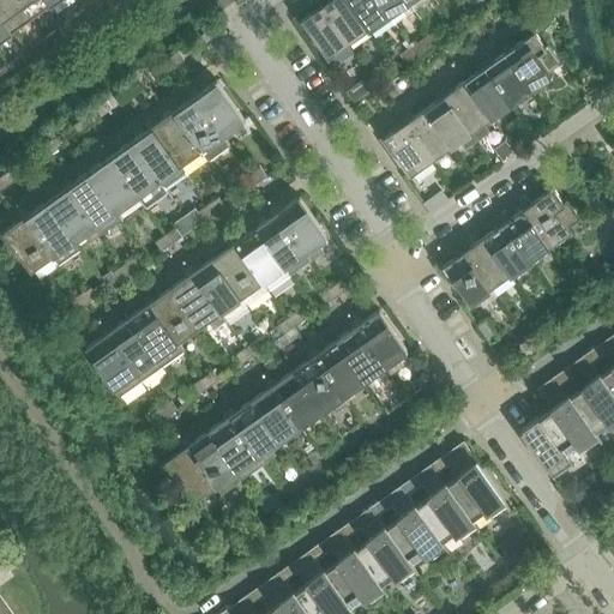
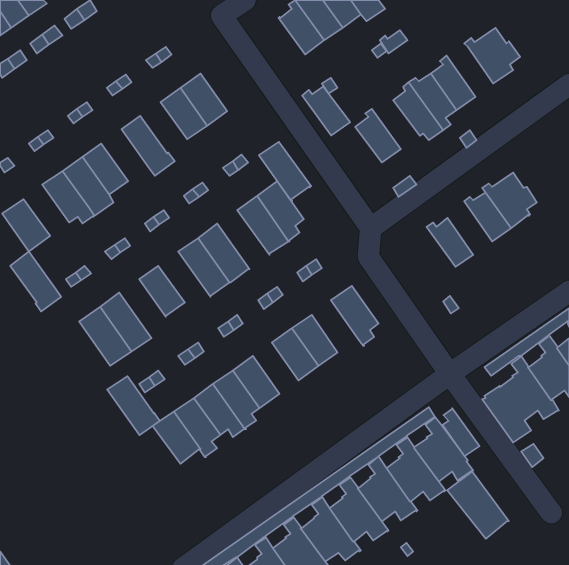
building: [481,54,531,108] -> none
building: [401,112,452,164] -> [302,86,350,135]
building: [151,114,201,169] -> none
building: [109,143,159,207] -> none
building: [25,203,80,267] -> [10,251,61,311]
building: [482,221,530,278] -> none
building: [234,230,290,294] -> [259,142,311,201]
building: [441,248,496,308] -> none
building: [170,275,227,332] -> none
building: [128,305,185,368] -> [107,376,160,435]
building: [336,327,385,384] -> none
building: [272,373,321,428] -> none
building: none -> [443,408,479,456]
building: none -> [447,472,509,539]

